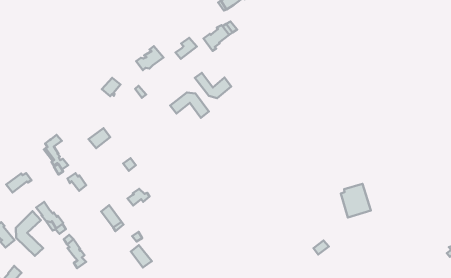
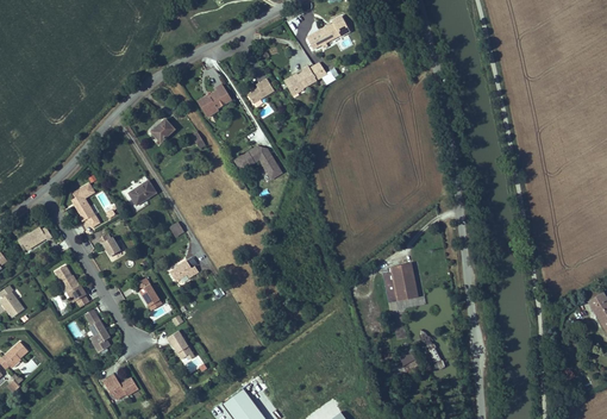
building: [195,73,231,98] -> none
building: [341,184,371,218] -> [383,261,419,301]
building: [16,211,43,256] -> none

